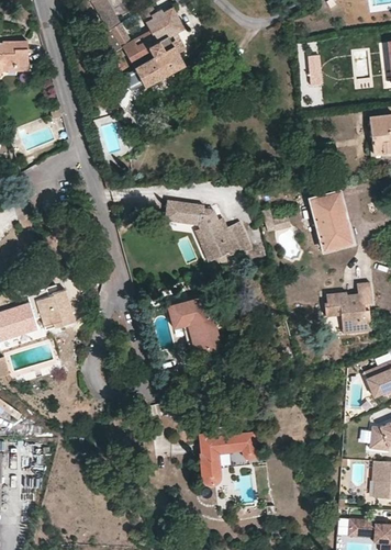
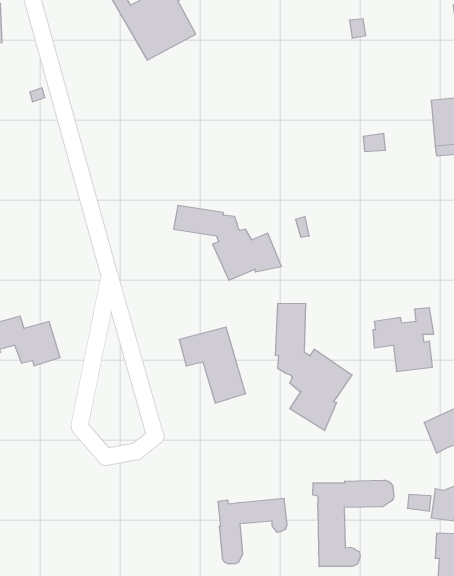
building: [311,192,353,251] -> none
building: none -> [276,303,352,431]
building: none -> [313,480,394,567]

